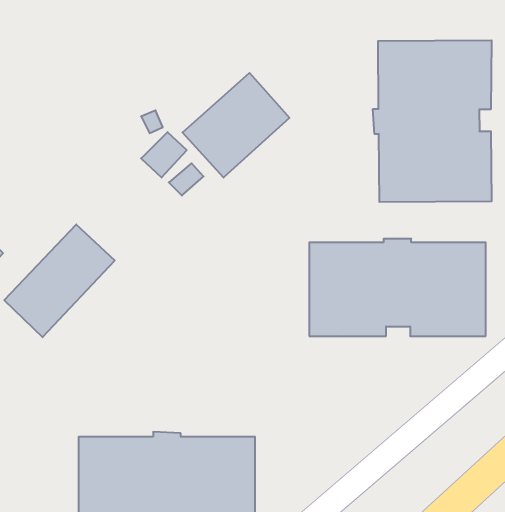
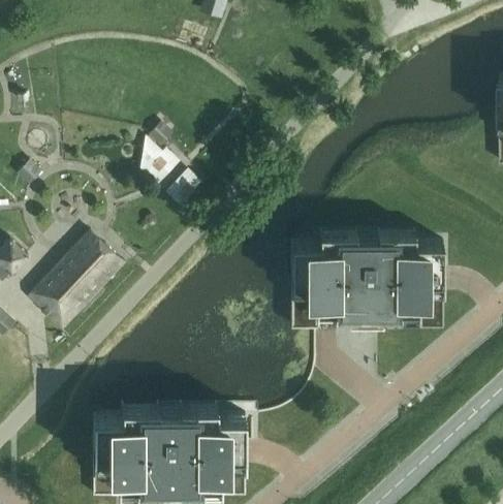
building: [373,40,492,202] -> none
building: [182,73,289,178] -> none

